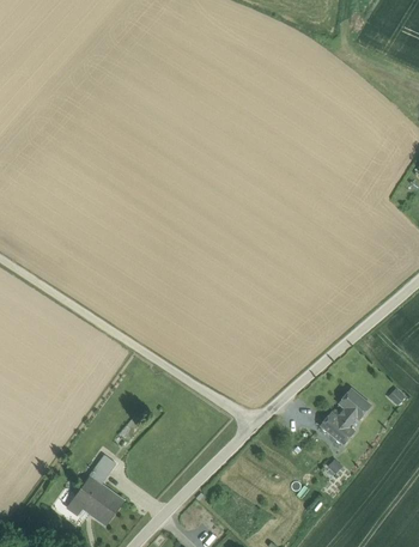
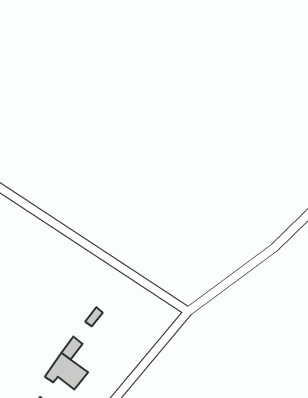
building: [321,390,370,445] -> none

